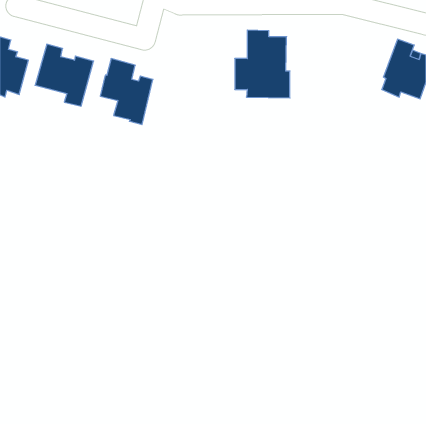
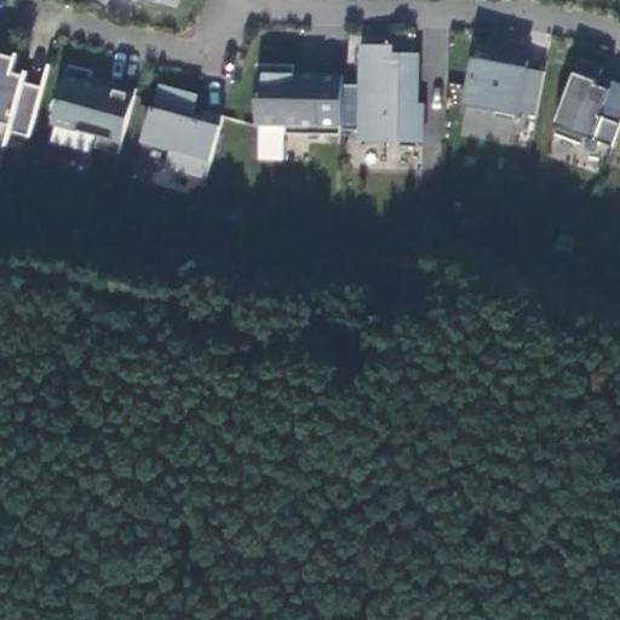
building: none -> [463,54,541,119]
building: none -> [254,63,341,134]

